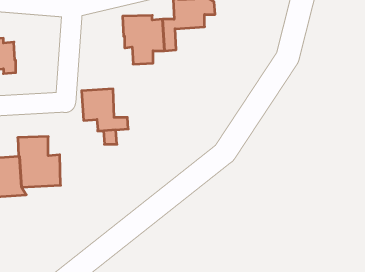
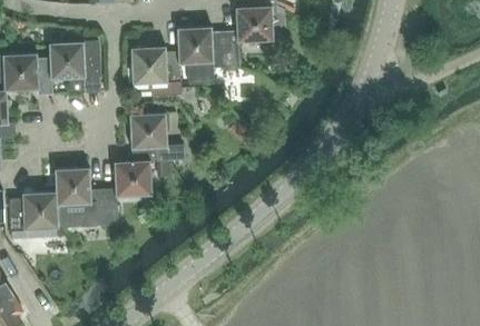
building: none -> [49,41,99,92]
building: none -> [131,47,182,107]
building: none -> [104,160,151,225]

